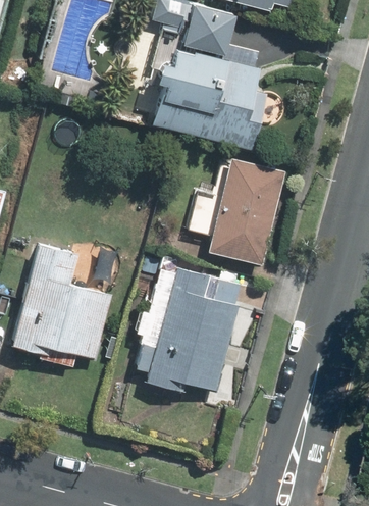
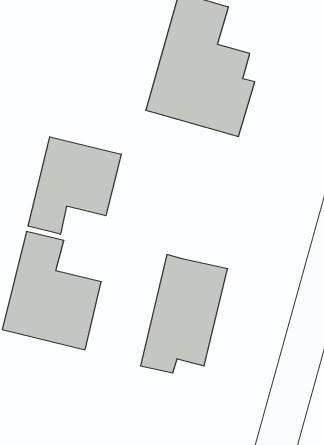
building: none -> [28,137,121,234]
building: [190,163,277,260] -> none

